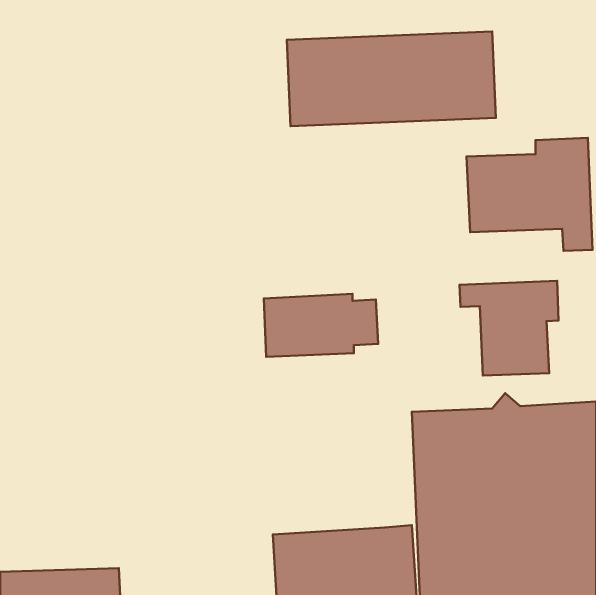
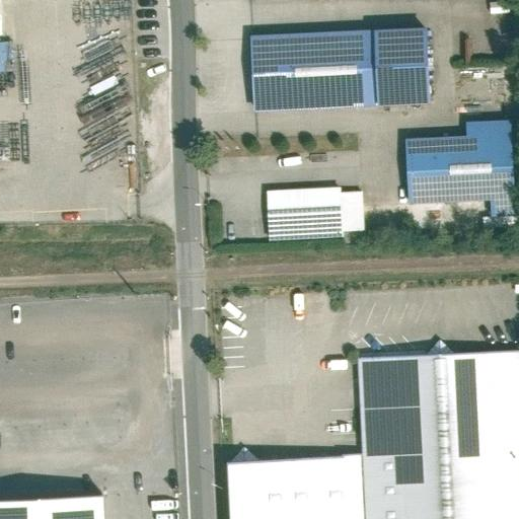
building: [459,281,559,376] -> none
building: [264,294,378,357] -> [266,187,365,241]

